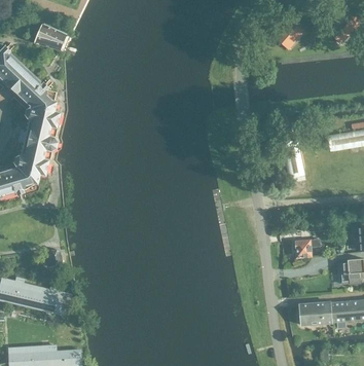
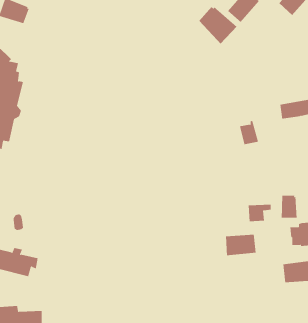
building: none -> [198,6,237,45]
building: none -> [281,195,297,219]
building: [297,301,330,324] -> [225,234,257,256]

